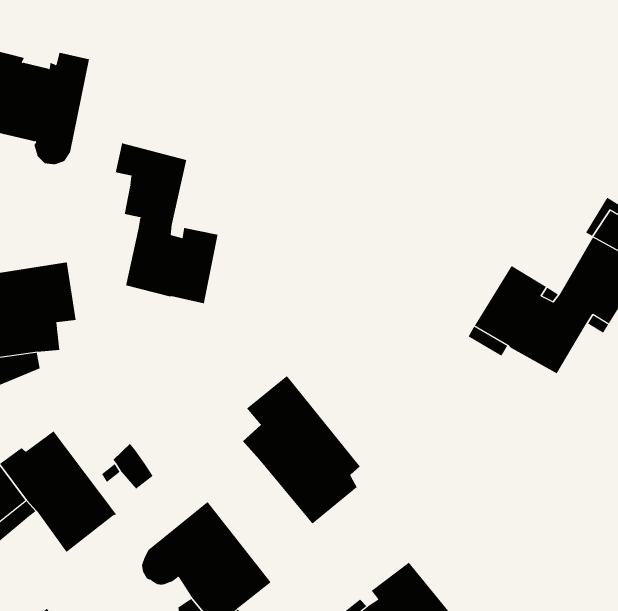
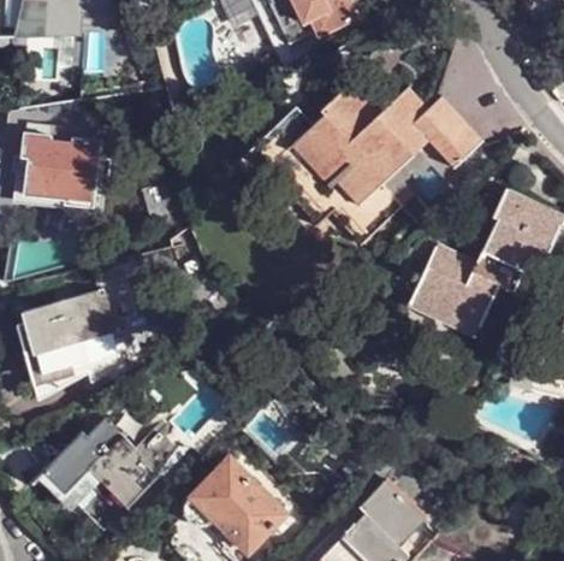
building: none -> [291,79,481,203]
building: [115,142,218,304] -> none
building: [242,375,360,524] -> none

